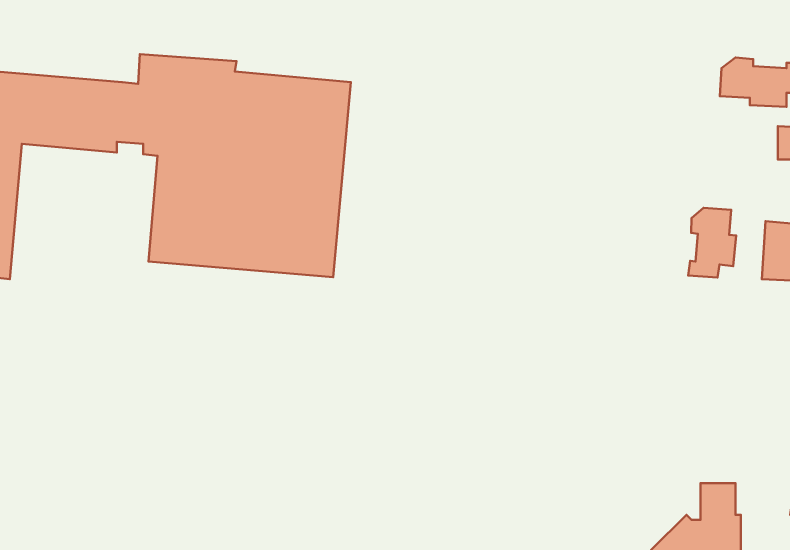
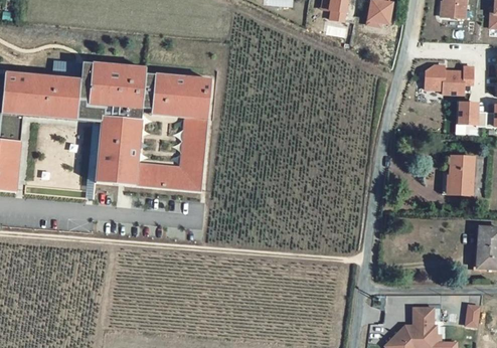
building: [688,208,736,278] -> none

